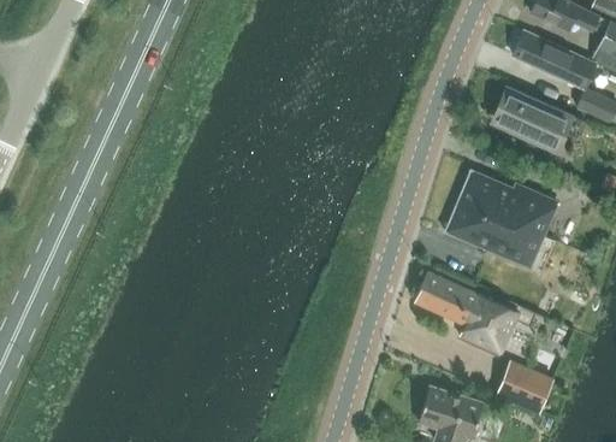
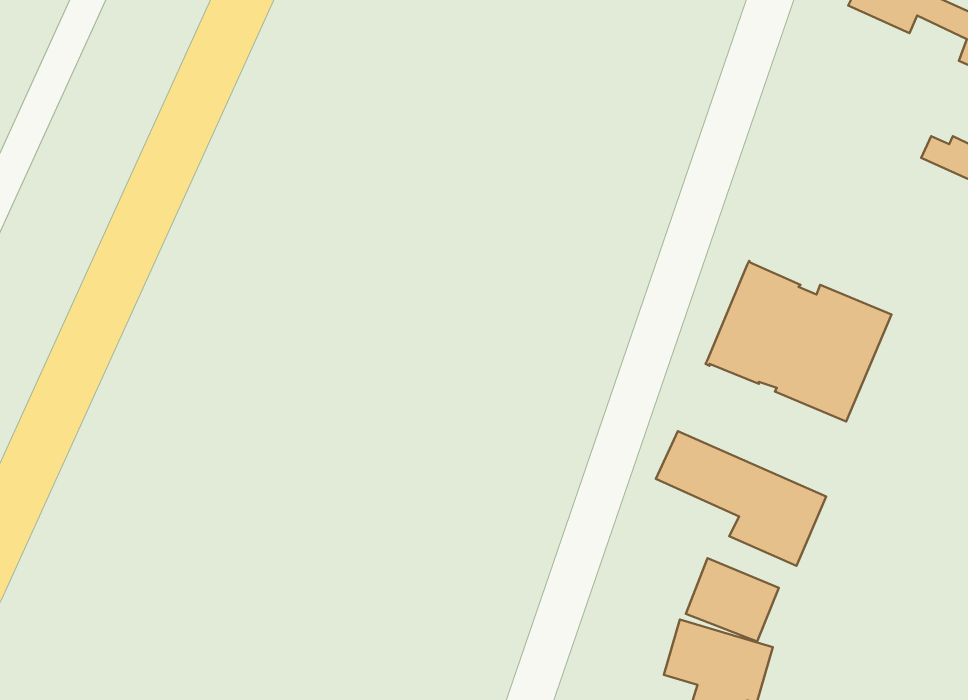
building: [514,31,596,88] -> none
building: [494,87,573,151] -> none
building: [497,361,553,412] -> [686,558,779,641]

